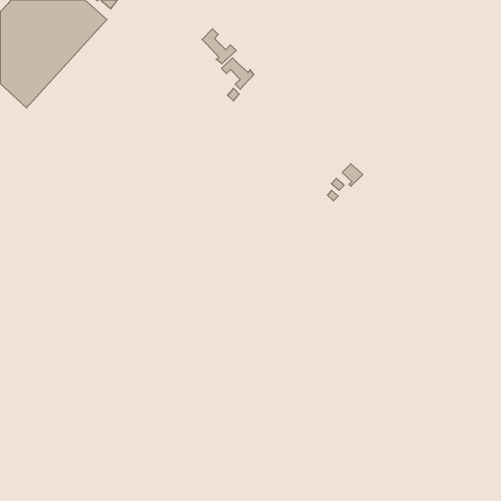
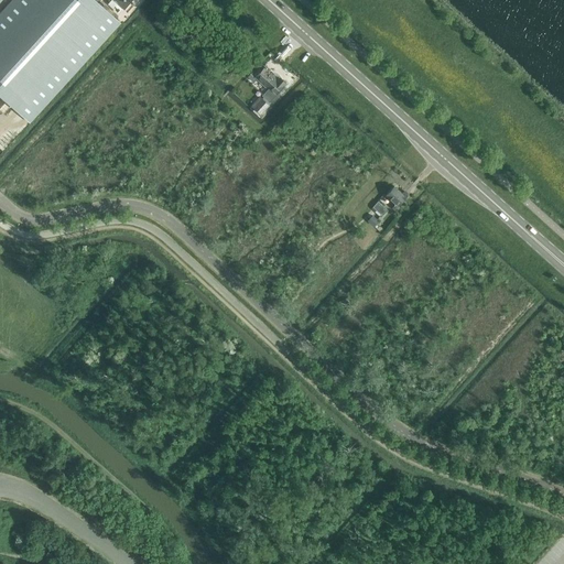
building: [202,29,236,64] -> none

